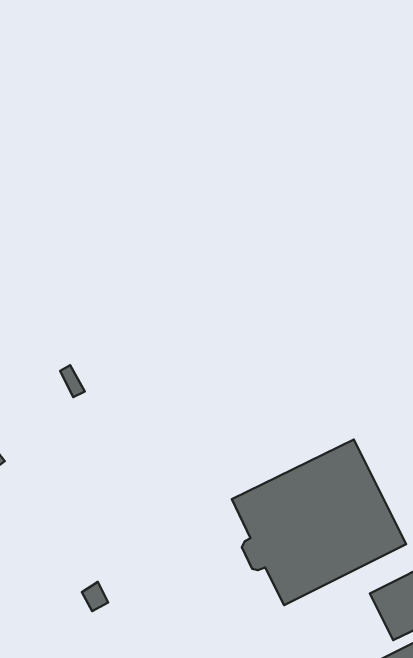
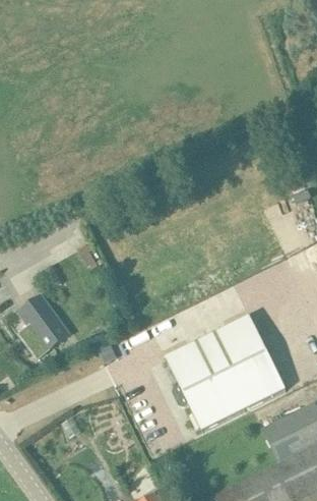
building: none -> [16,293,72,361]

